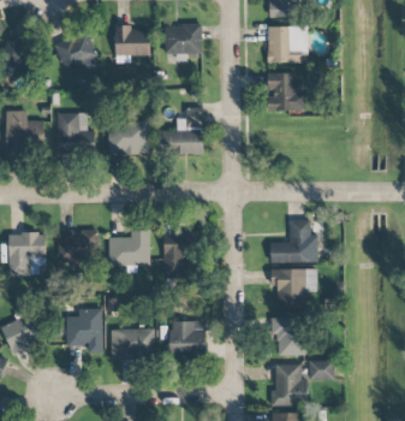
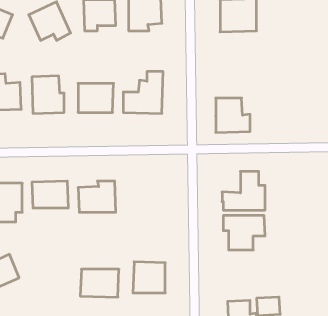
building: [267,72,305,111] -> [216,98,250,132]
building: [163,233,185,274] -> none
building: [65,307,102,352] -> none
building: [272,316,304,355] -> none

